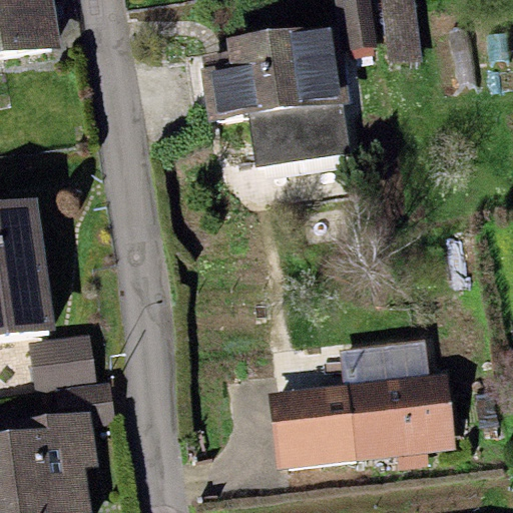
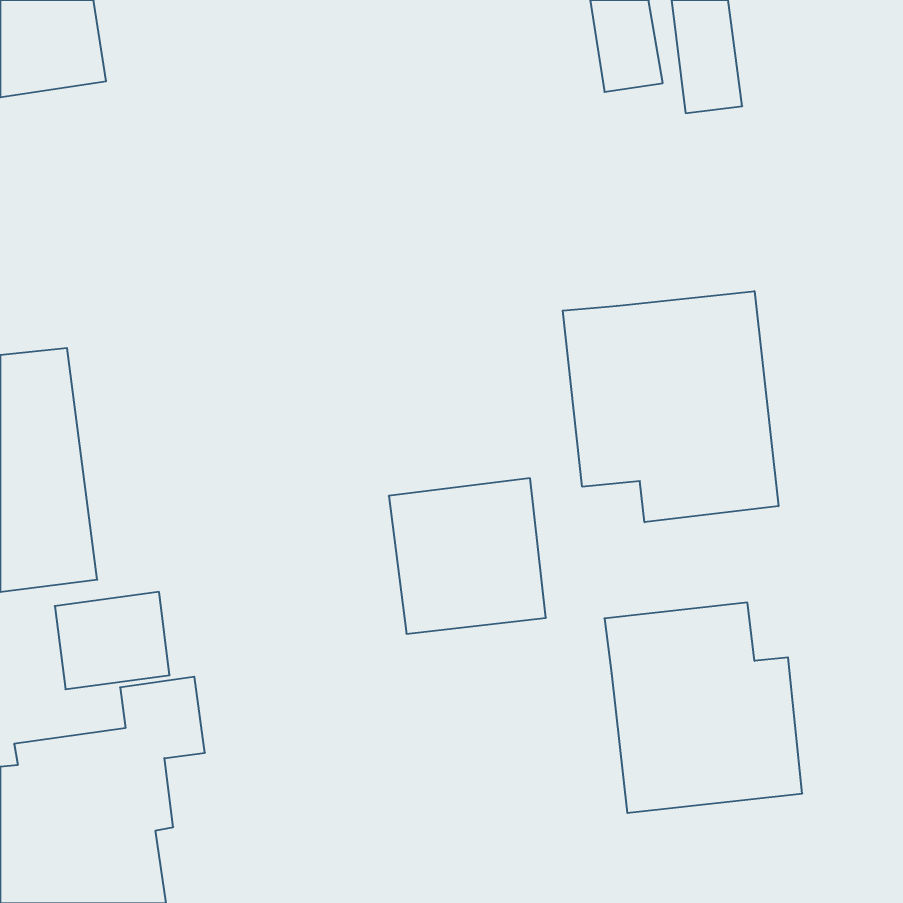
building: [199,24,349,165] -> none
building: none -> [563,291,778,522]
building: [267,382,356,470] -> [389,478,546,634]

